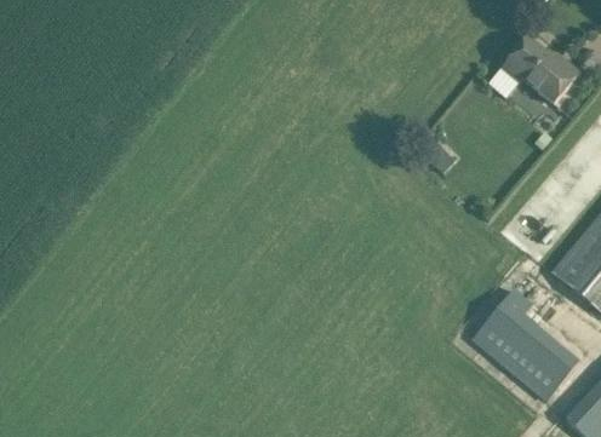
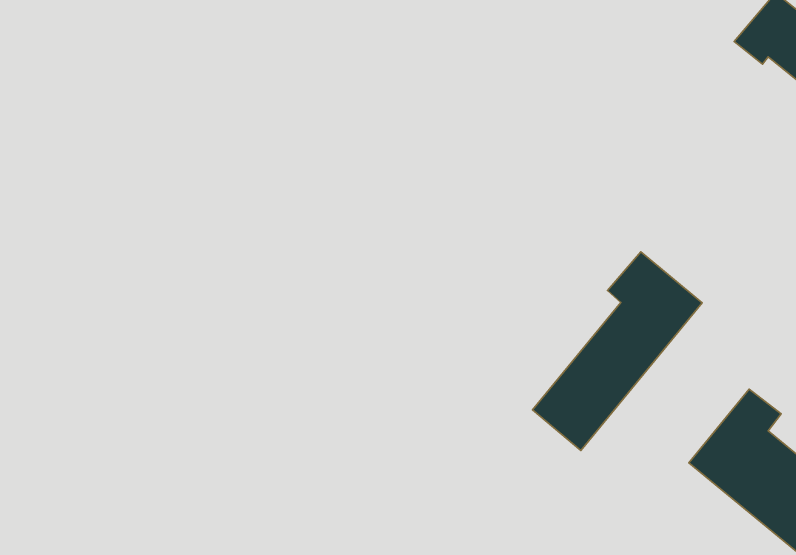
building: none -> [533,252,702,450]

